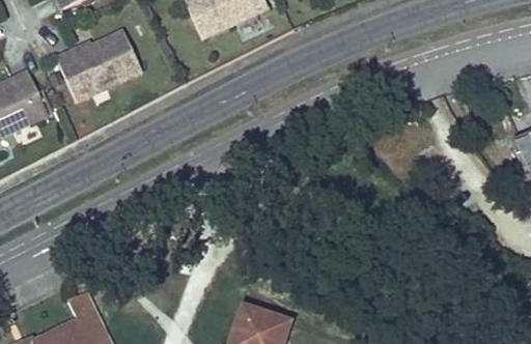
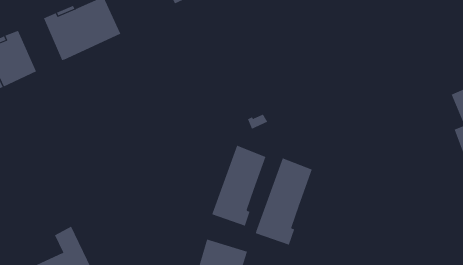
building: none -> [212,145,266,226]
building: none -> [255,157,312,246]

